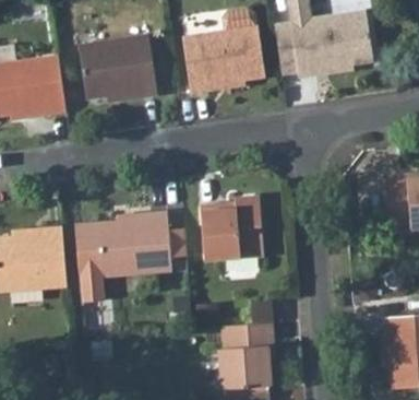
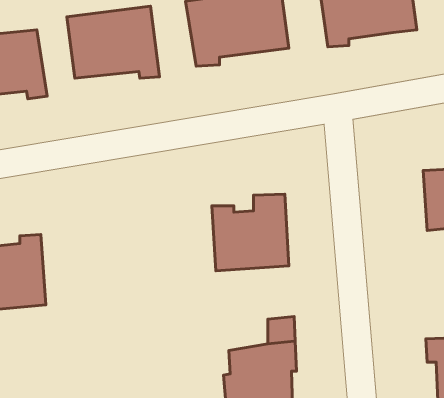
building: [74,209,188,299] -> none

